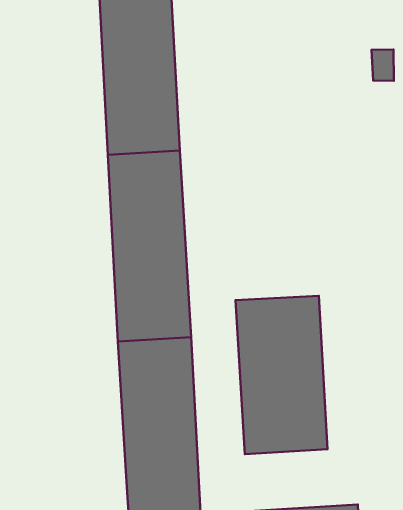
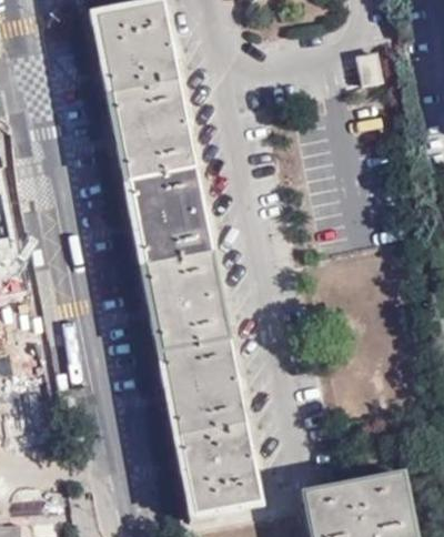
building: [236,296,328,454] -> none

